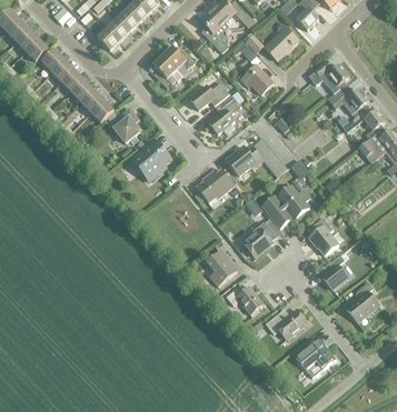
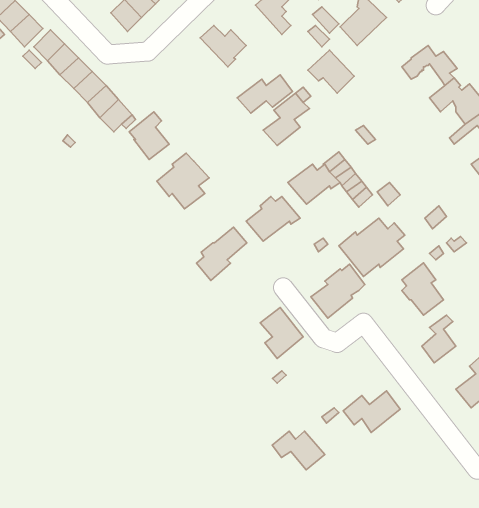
building: [152,54,181,88] -> none
building: none -> [197,227,247,280]
building: [225,285,262,313] -> [272,431,325,470]
building: [295,338,335,376] -> none

